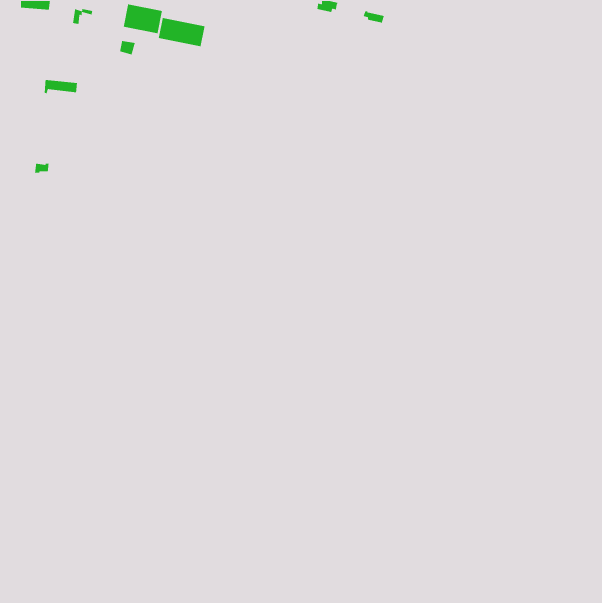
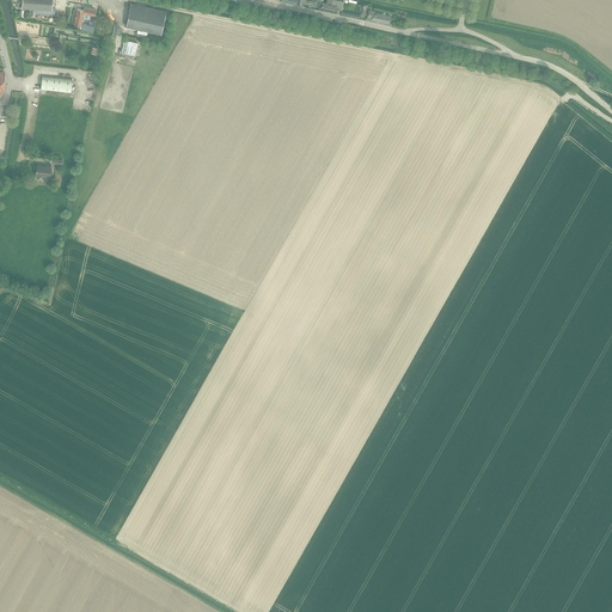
building: [158,17,206,47] -> none

